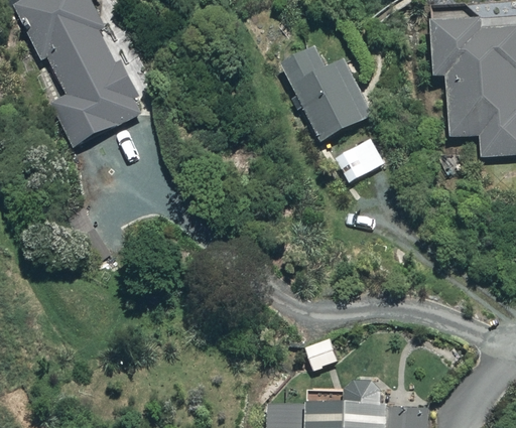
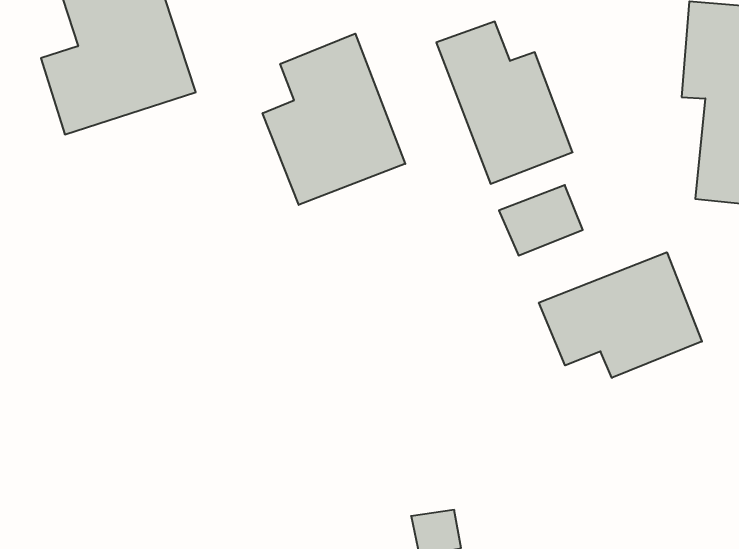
building: none -> [263,34,405,205]
building: none -> [539,252,702,378]

